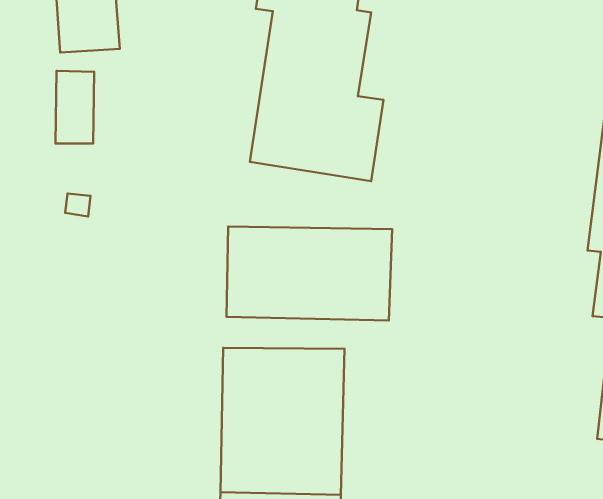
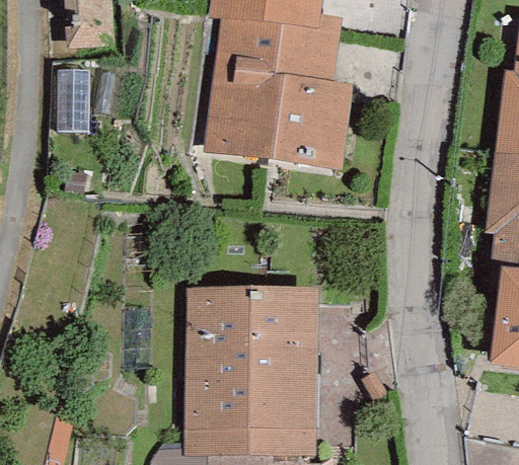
building: [226,226,392,320] -> none

